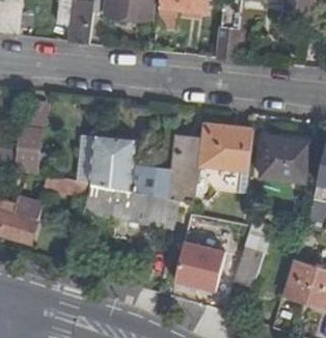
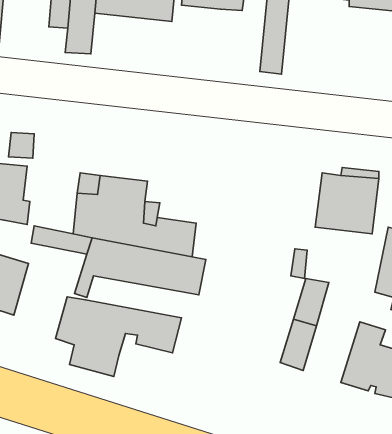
building: [167,123,253,203] -> none
building: none -> [56,297,181,377]
building: [178,240,234,292] -> none

